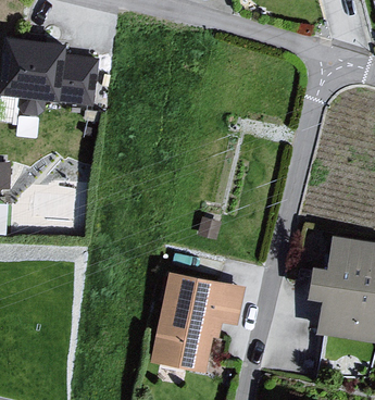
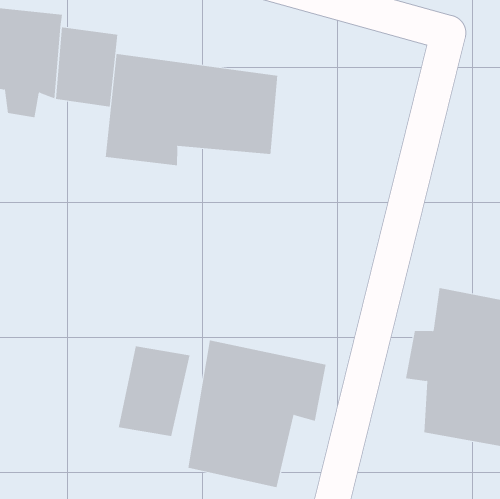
building: none -> [105,53,278,166]
building: none -> [118,345,190,437]

